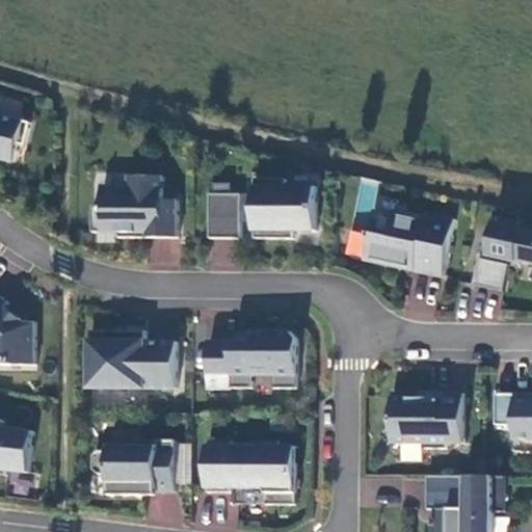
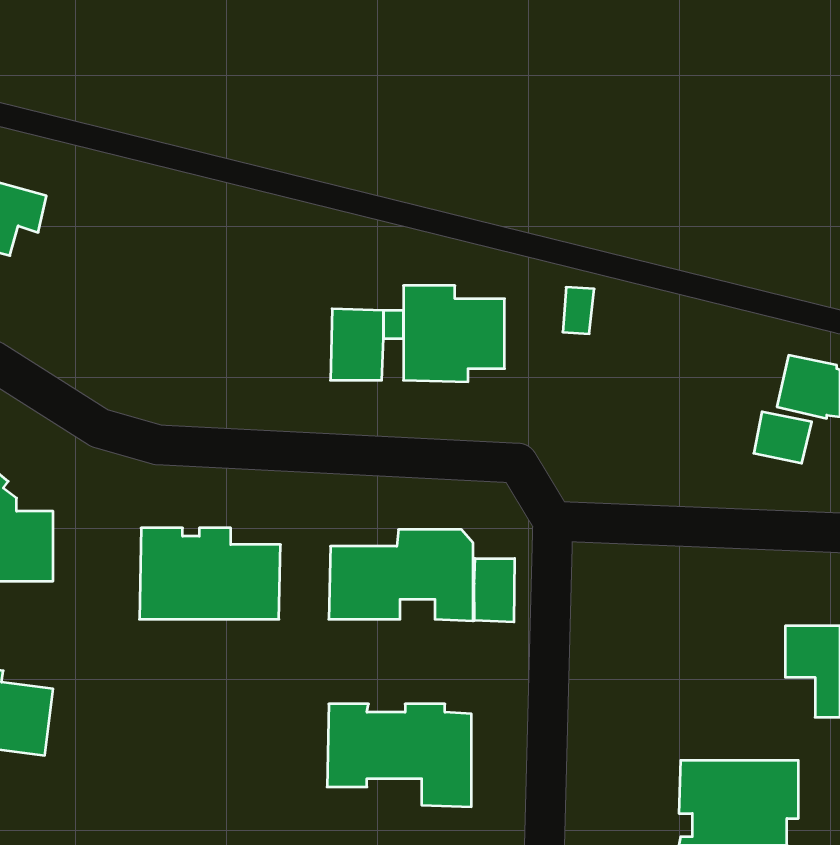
building: [87,175,175,237] -> none
building: [362,210,454,276] -> none
building: none -> [474,558,515,622]
building: [379,392,462,449] -> none
building: [90,438,172,495] -> none

